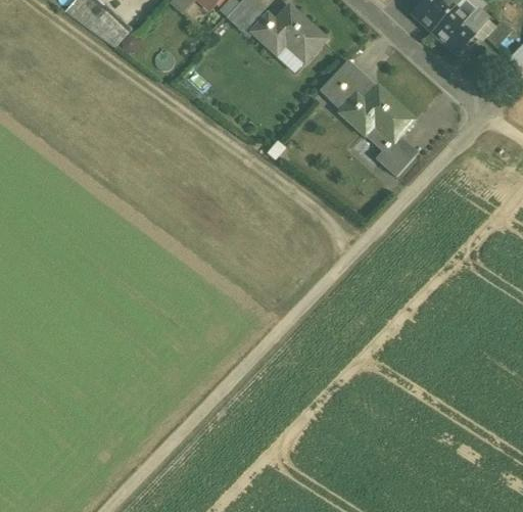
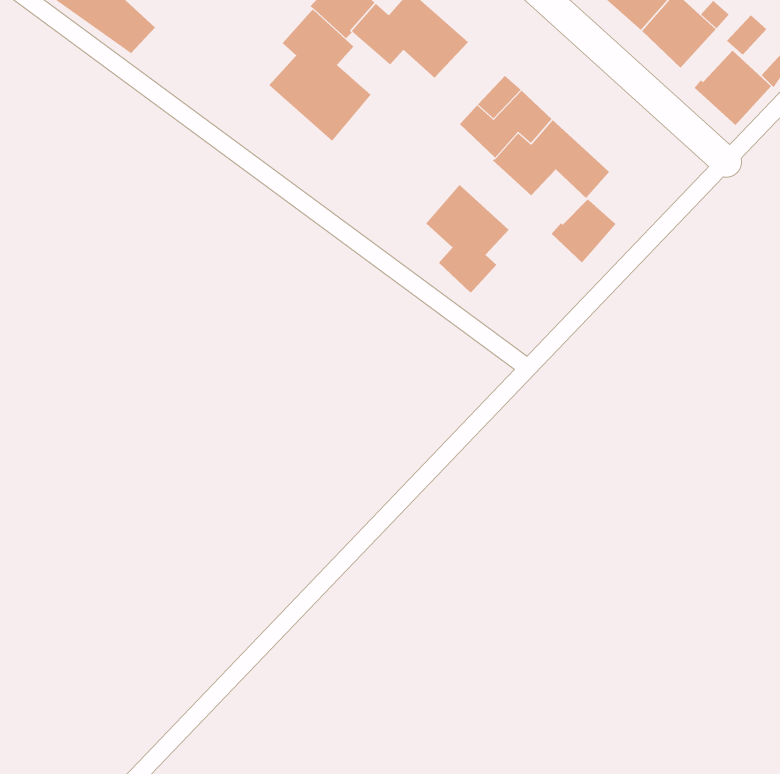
building: none -> [269,9,372,142]
building: none -> [694,50,772,126]
building: [364,118,398,151] -> none
building: none -> [425,184,509,293]

